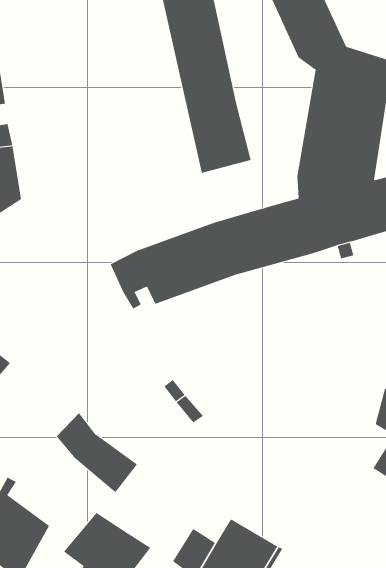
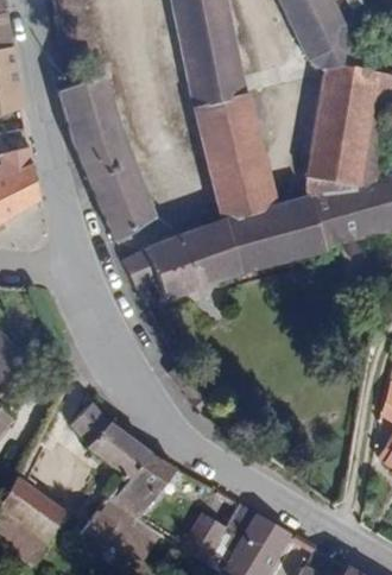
building: none -> [57,71,153,242]
building: none -> [211,158,272,219]
building: none -> [109,454,176,520]

